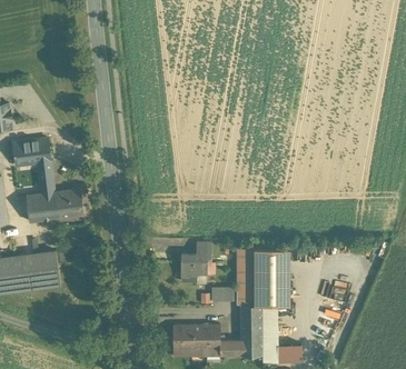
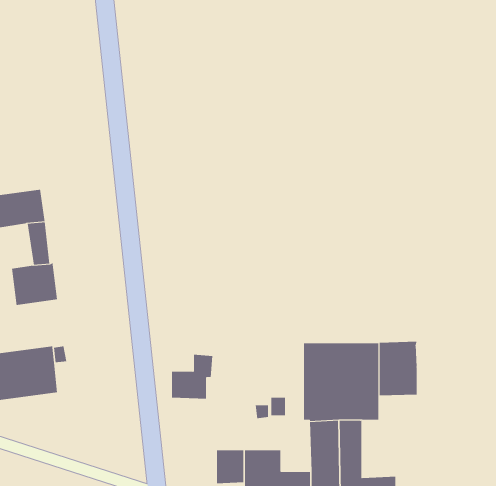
building: [57,189,85,218] -> none
building: [181,242,211,275] -> [171,354,213,399]
building: none -> [379,341,417,396]

